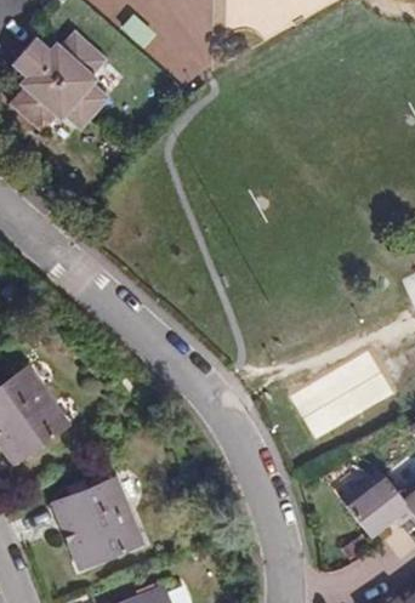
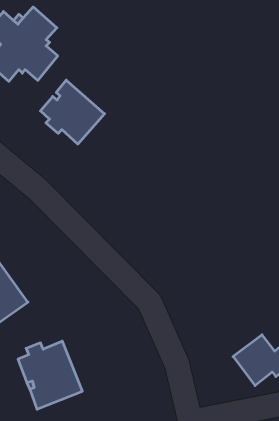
building: none -> [40,80,105,144]

